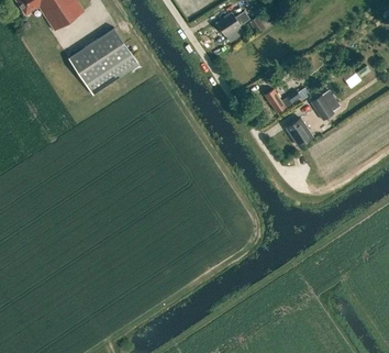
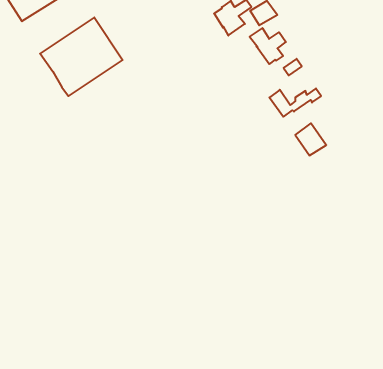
building: none -> [250,28,286,64]
building: [310,90,338,120] -> none

